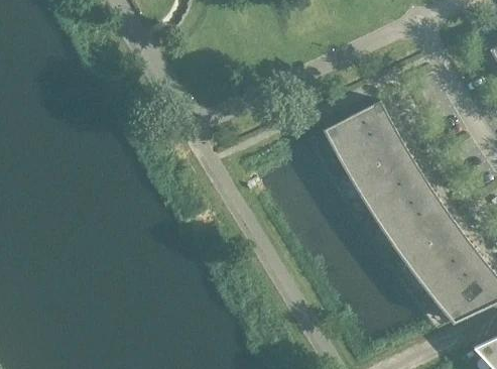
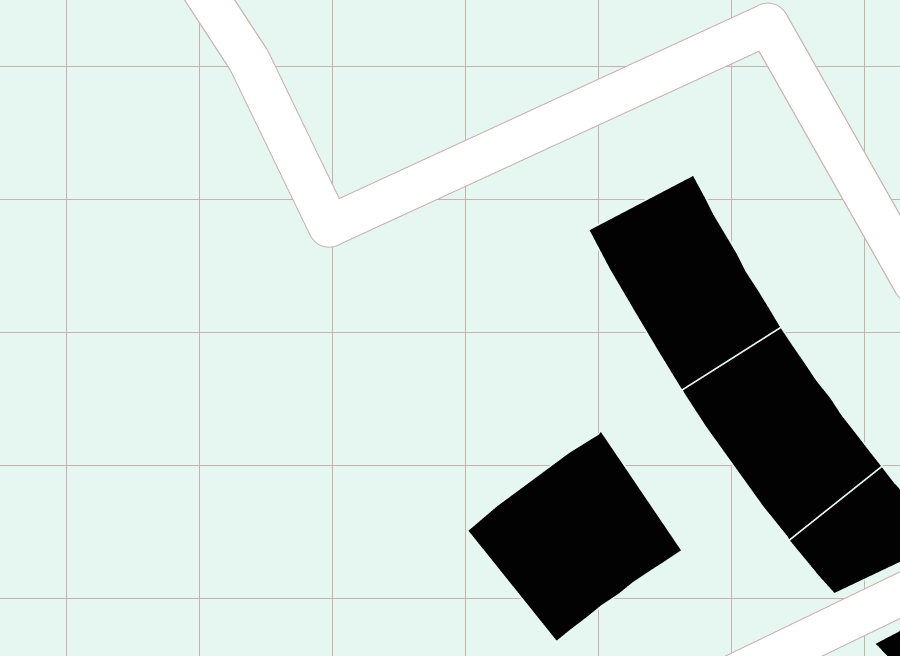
building: none -> [468,431,682,642]

